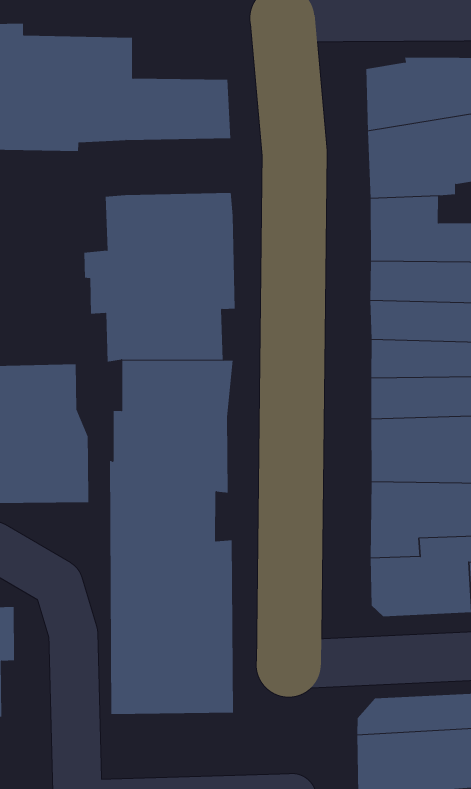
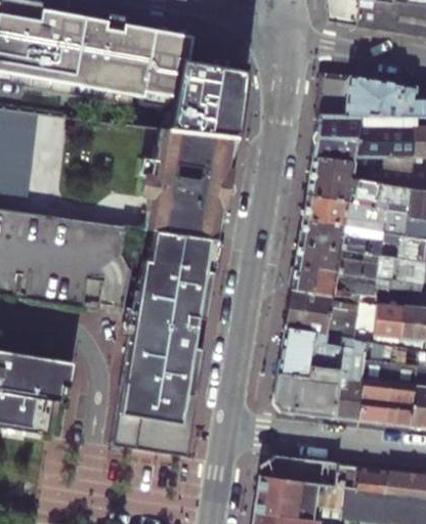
building: none -> [173,97,243,139]

